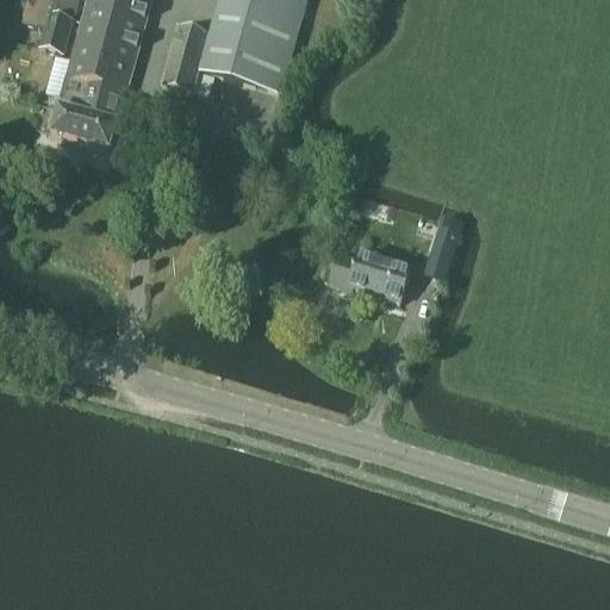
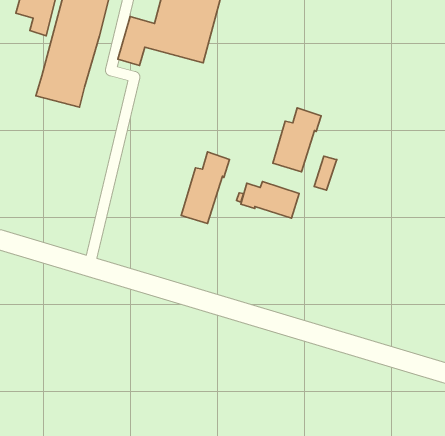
building: none -> [273,108,321,172]
building: none -> [181,152,230,223]

